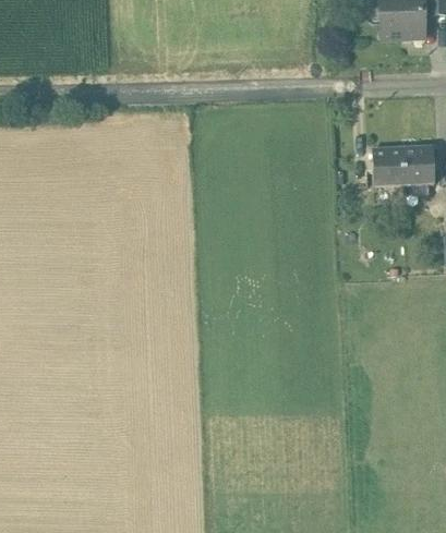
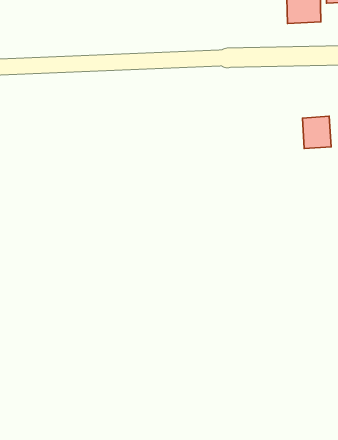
building: [372,147,403,184] -> none

